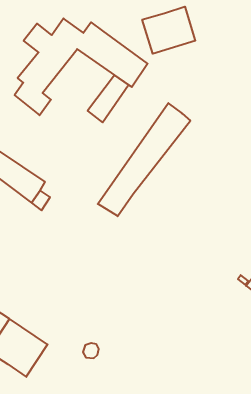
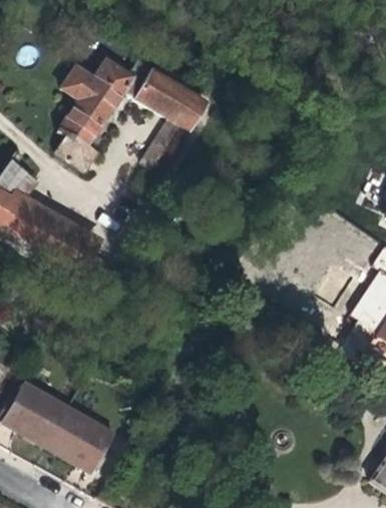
building: [142,7,195,54] -> none
building: [98,103,190,216] -> none

